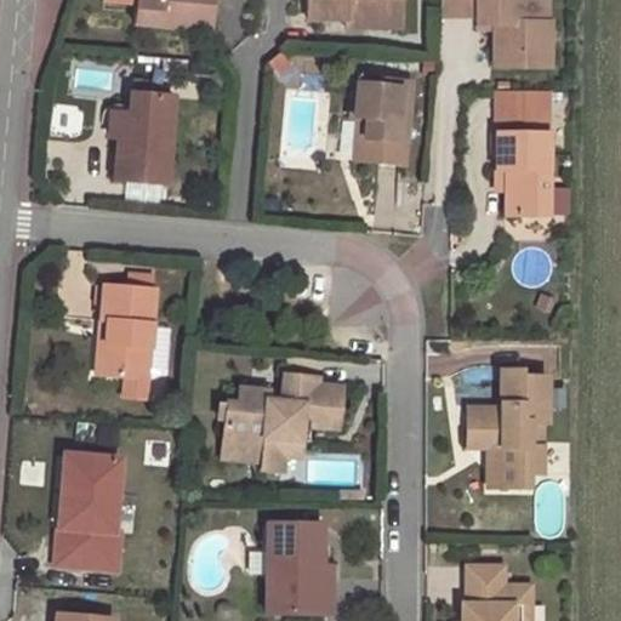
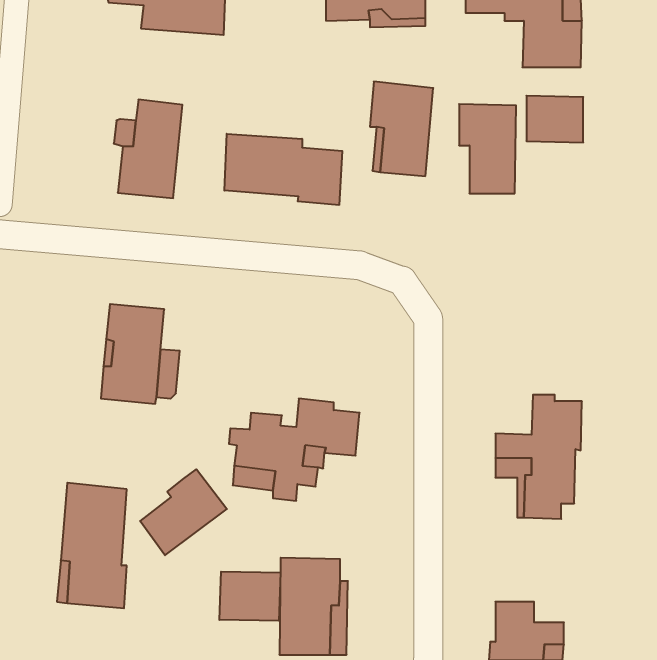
building: none -> [224,134,342,205]
building: [497,132,551,216] -> [459,104,516,193]
building: none -> [140,469,227,555]
building: none -> [219,572,280,621]

